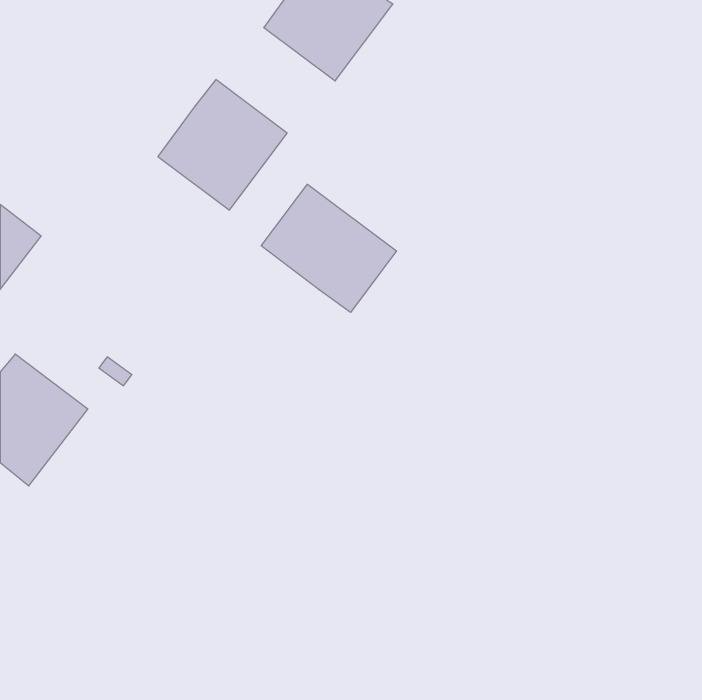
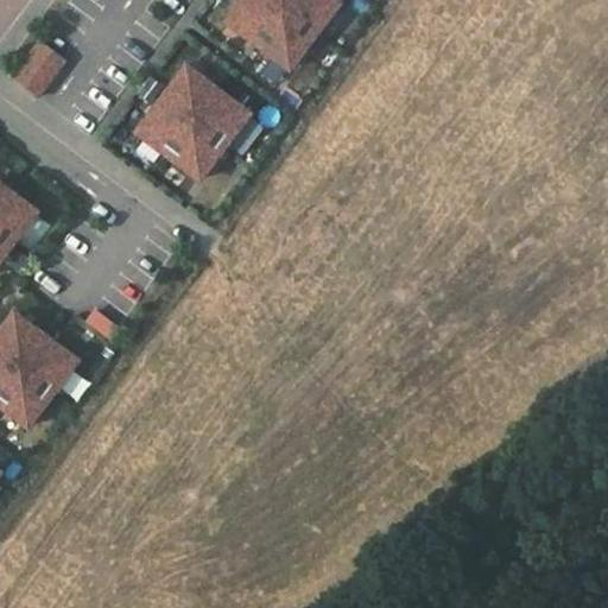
building: none -> [13,44,62,95]
building: [261,184,397,312] -> none

